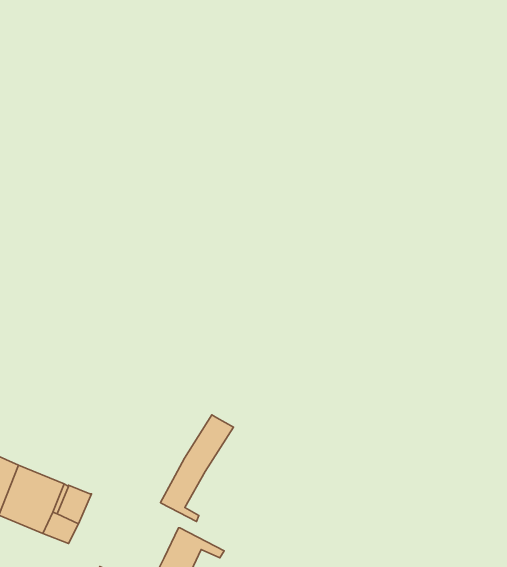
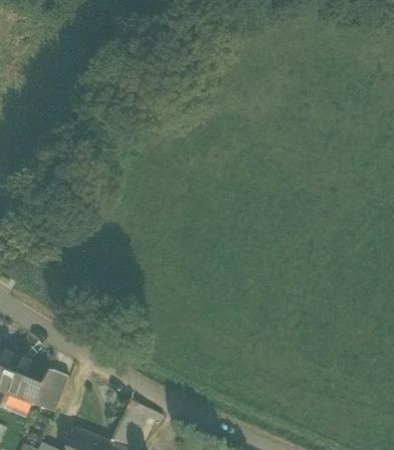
building: [160,415,233,521] -> none

